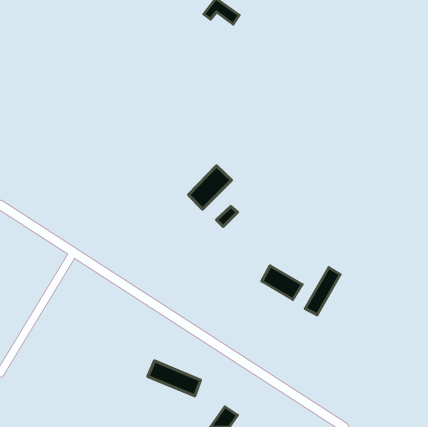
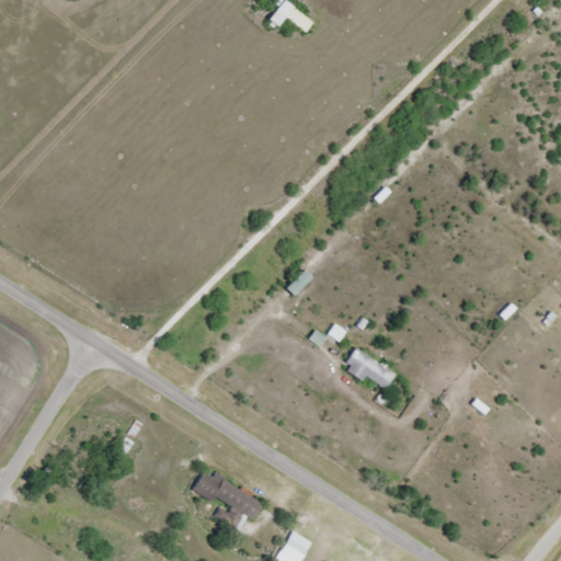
building: [188,166,232,209] -> none
building: [305,268,340,315] -> none

